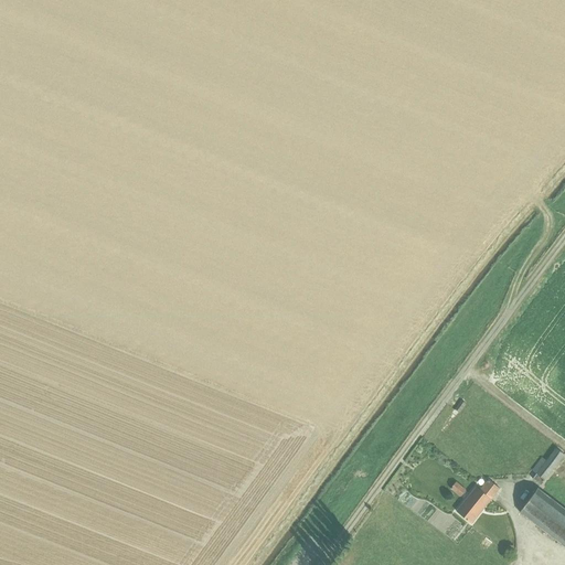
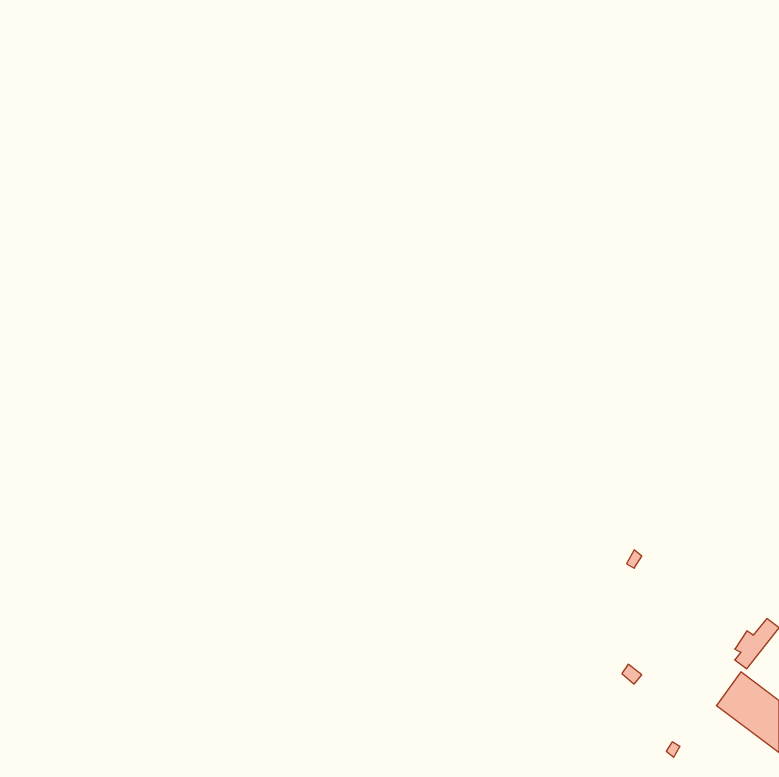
building: [457,479,499,522] -> none

